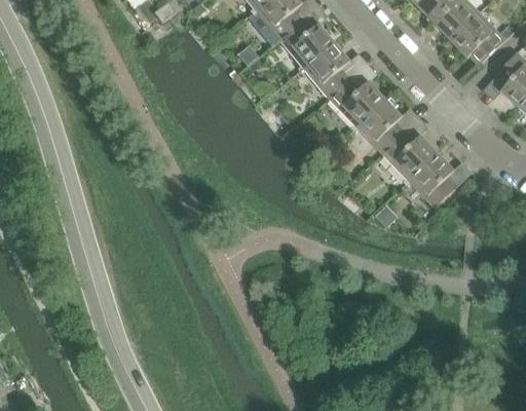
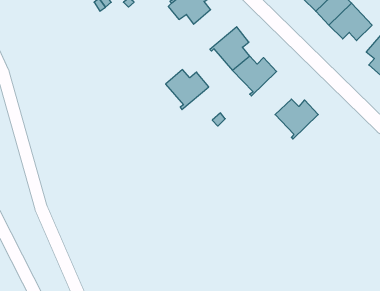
building: [278,20,333,70] -> [166,70,209,110]
building: [351,98,402,152] -> none
building: [404,152,454,207] -> none

